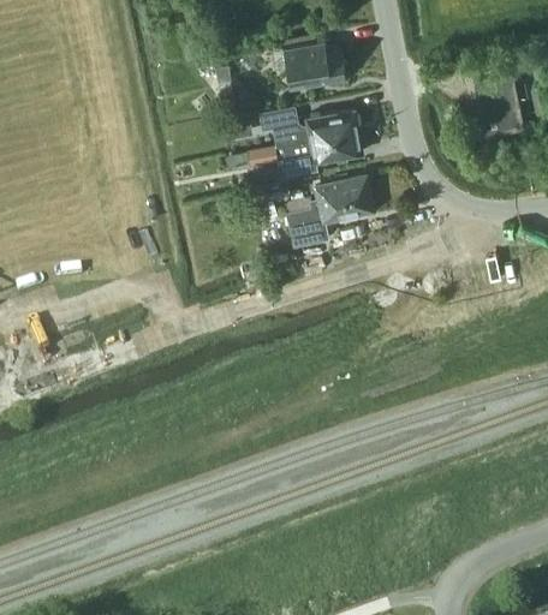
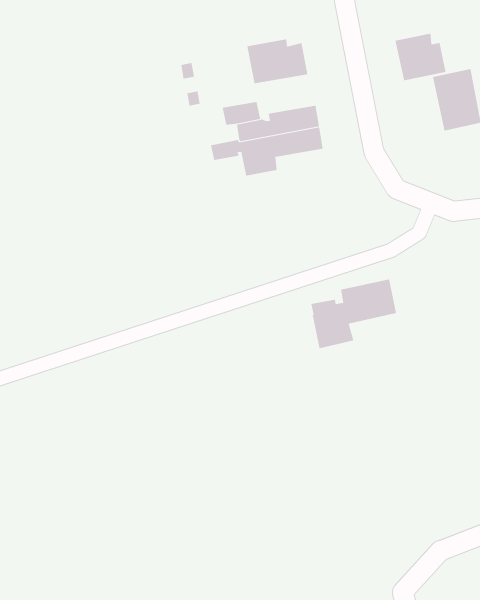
building: none -> [395,33,446,81]
building: [285,175,373,246] -> [311,279,397,349]

